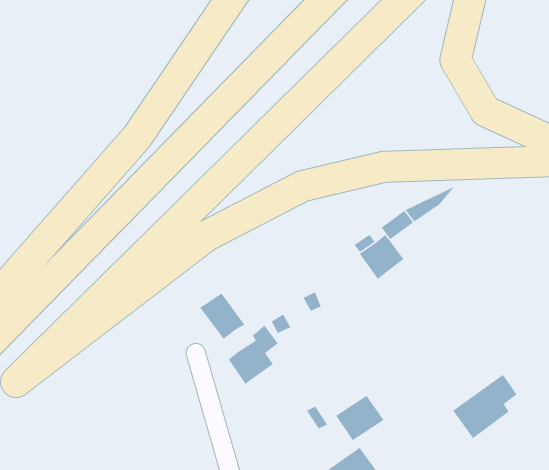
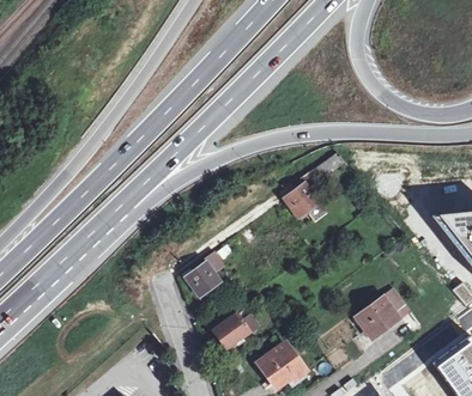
building: [199,292,245,341] -> none
building: [335,395,384,441] -> [213,313,250,348]

